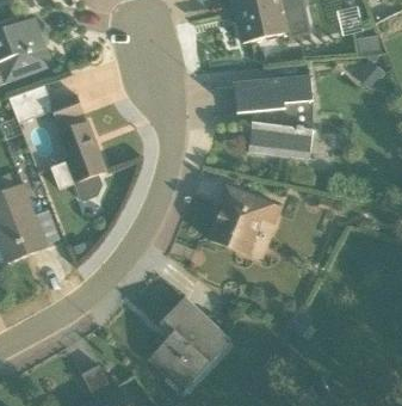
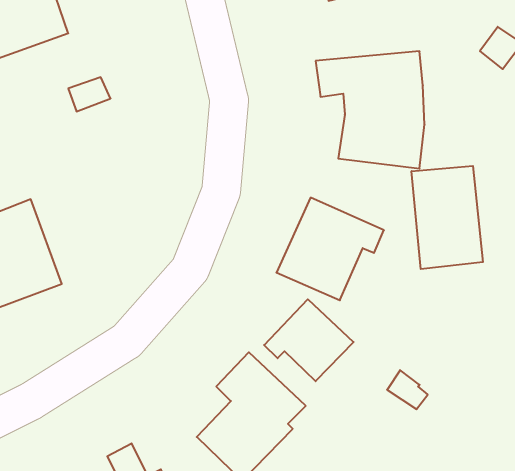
building: [50,121,107,198] -> none
building: none -> [412,166,483,269]
building: none -> [264,299,354,381]

